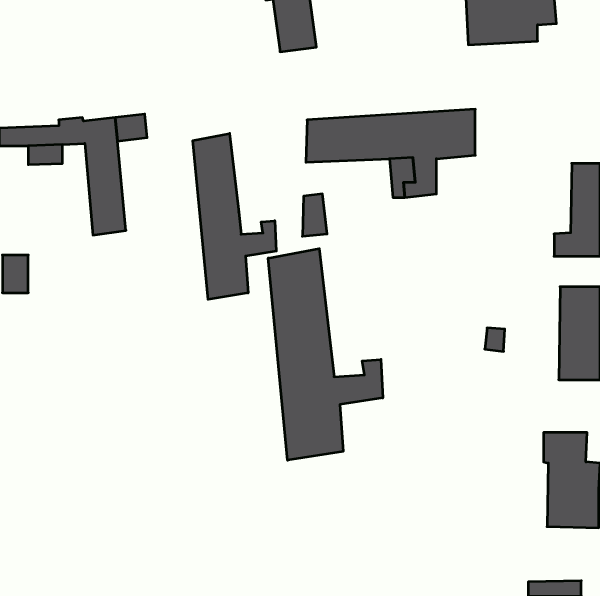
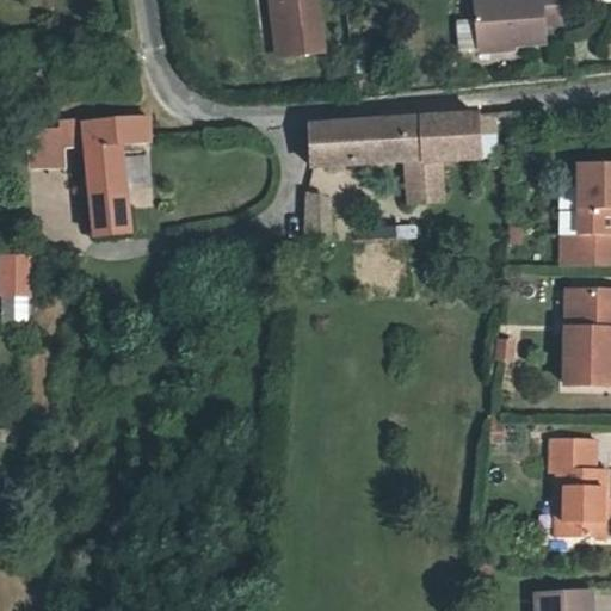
building: [193,133,276,299] -> none
building: [268,249,383,460] -> none

